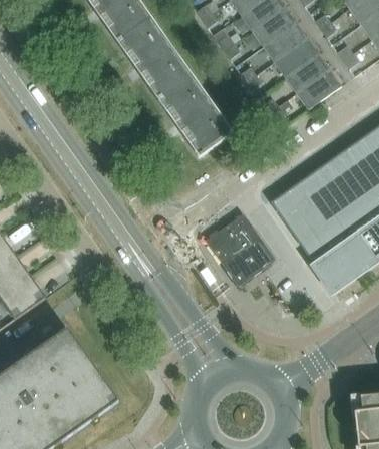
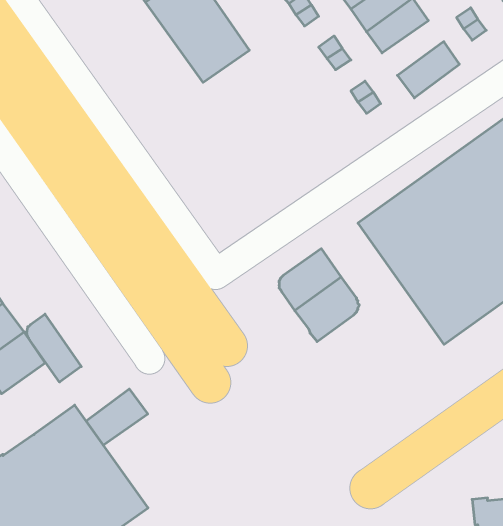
building: [286,54,330,93] -> none
building: [158,75,233,156] -> none
building: none -> [27,314,81,382]
building: none -> [86,389,148,445]

